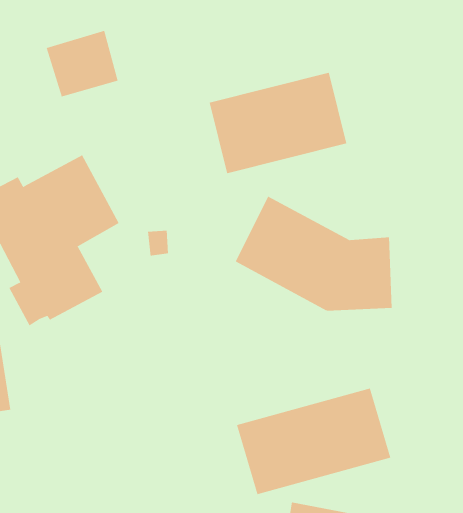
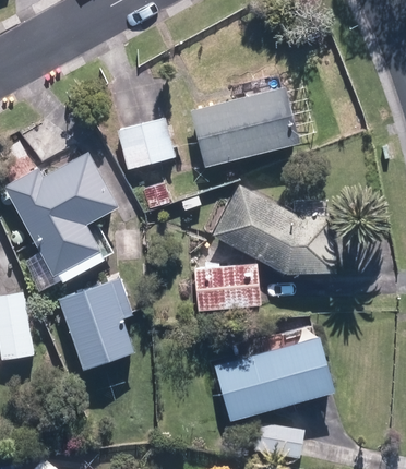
building: [46,30,119,97] -> [115,118,172,171]
building: none -> [191,264,260,313]
building: none -> [59,281,134,369]

